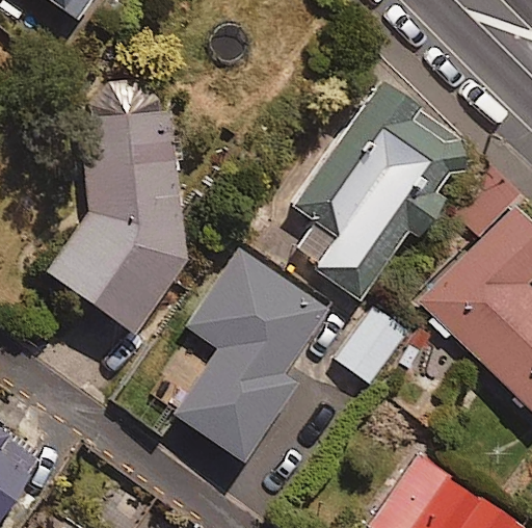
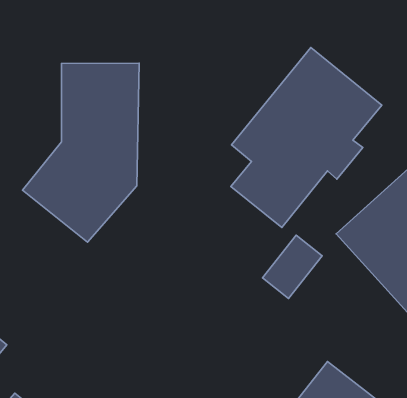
building: [179,249,326,460] -> none

